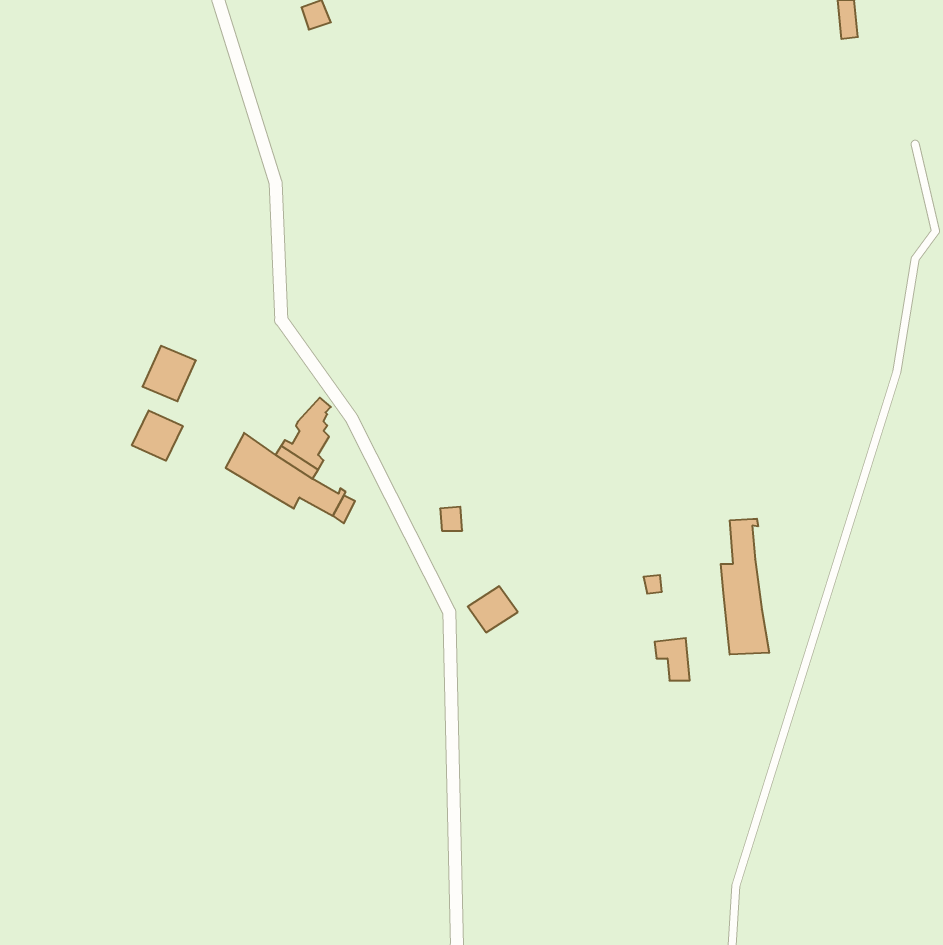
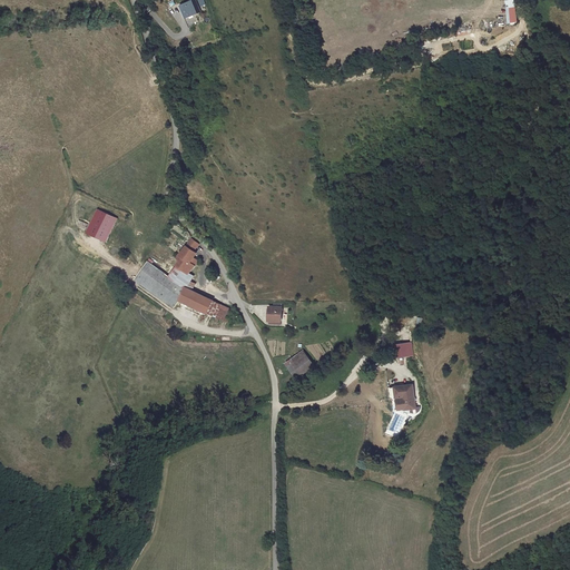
building: [132,410,183,461] -> none
building: [721,519,769,655] -> none

